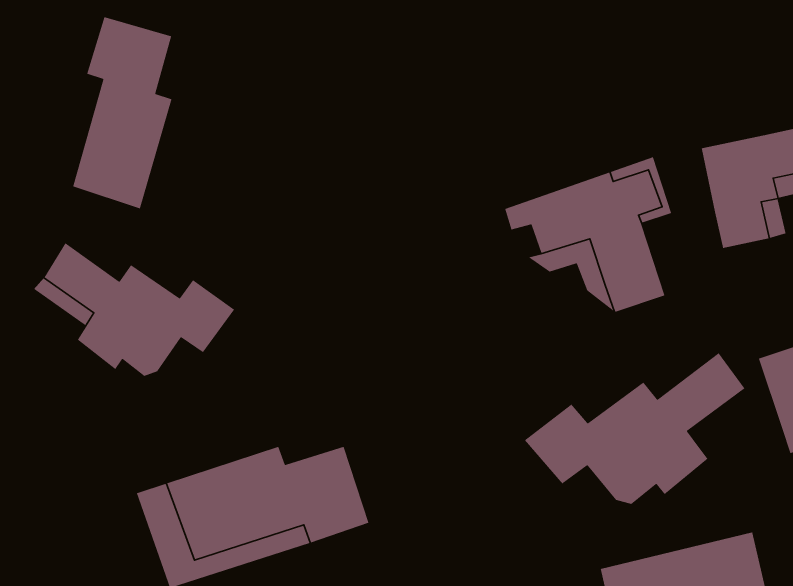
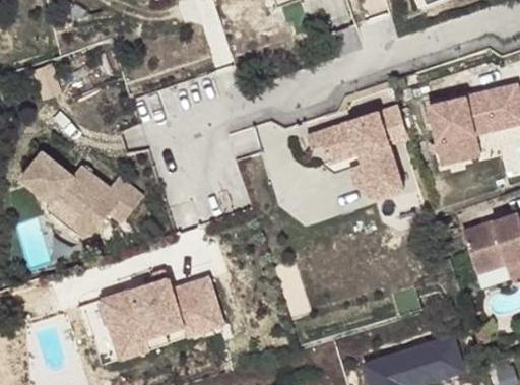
building: [72,16,172,210] -> none
building: [524,352,745,505] -> none

